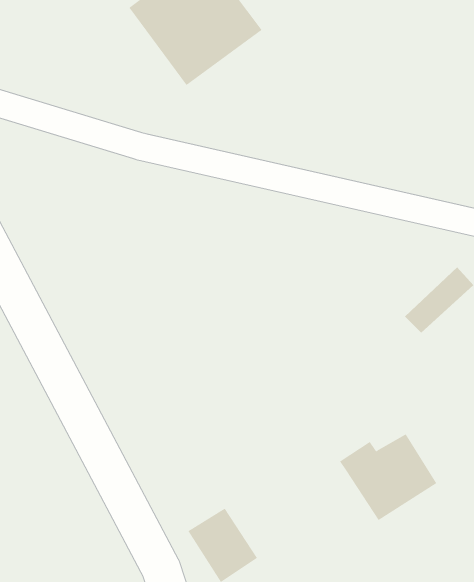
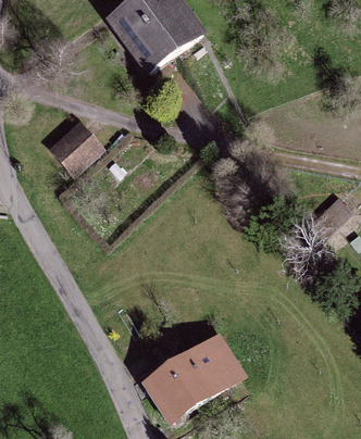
building: none -> [53,124,99,171]
building: [339,433,437,521] -> [172,340,240,401]

